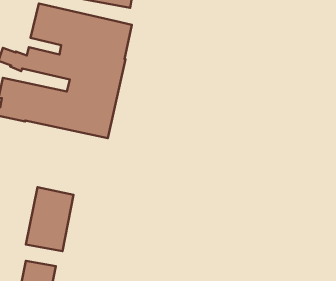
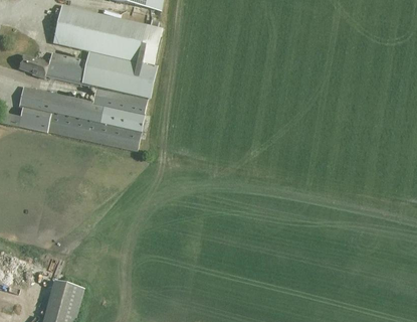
building: [26,187,73,251] -> none

